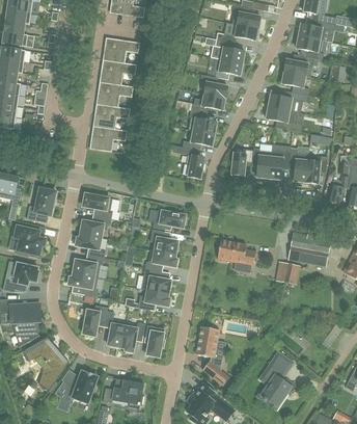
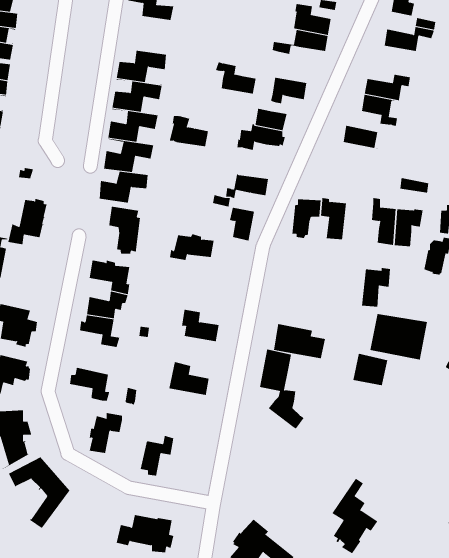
building: [296,35,323,59] -> none
building: [214,38,244,62] -> [215,62,256,94]
building: [266,106,294,129] -> none
building: [187,110,216,133] -> [169,116,209,147]
building: [268,150,290,179] -> [361,268,391,307]
building: none -> [109,206,140,255]
building: [26,186,55,220] -> [8,198,47,245]
building: [152,209,185,229] -> [169,234,214,260]
building: [144,248,176,270] -> none
building: [73,255,103,276] -> none
building: [137,287,169,310] -> none
building: [104,310,125,346] -> none
building: [144,324,164,356] -> none
building: [195,325,228,385] -> [259,349,305,429]
building: [54,371,97,402] -> none

